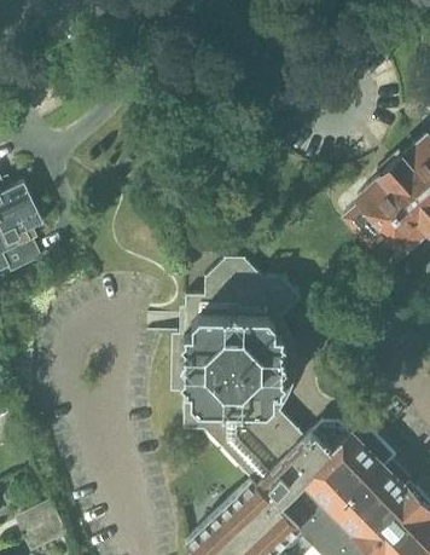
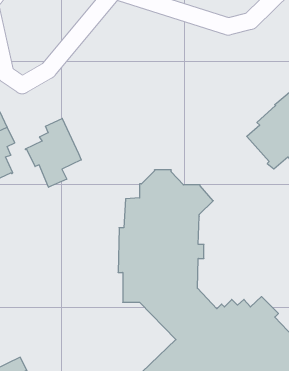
building: none -> [26,118,81,187]

